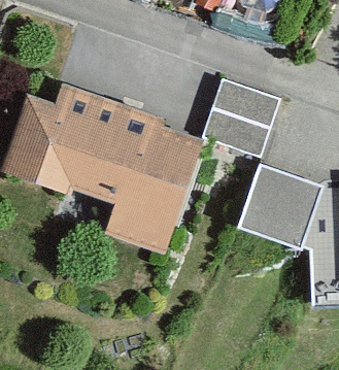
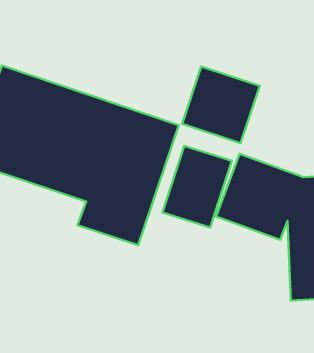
building: none -> [162,146,232,228]

